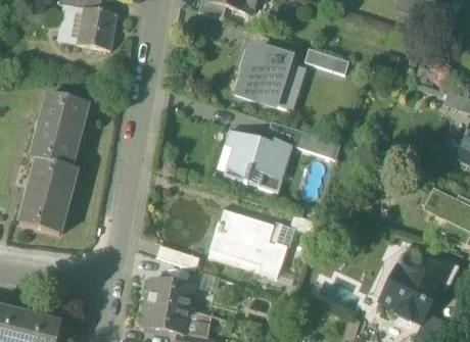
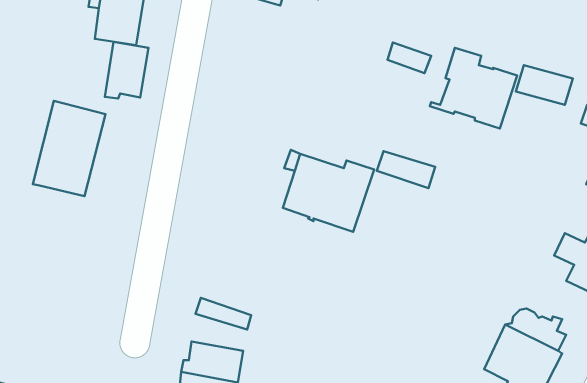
building: none -> [105,42,148,98]
building: [236,46,303,108] -> [430,48,517,129]
building: [19,156,76,232] -> none
building: [209,208,288,277] -> none

